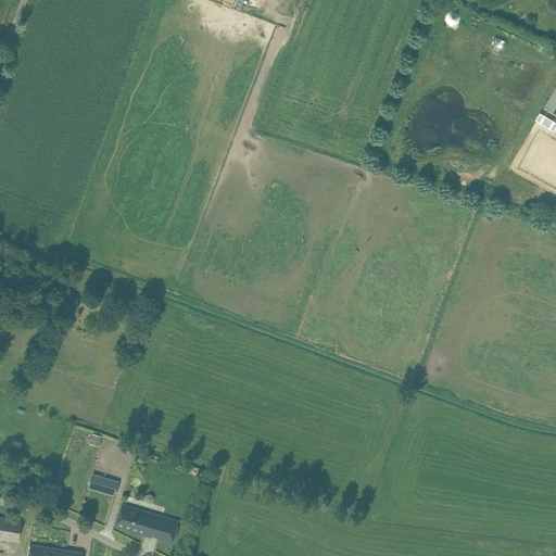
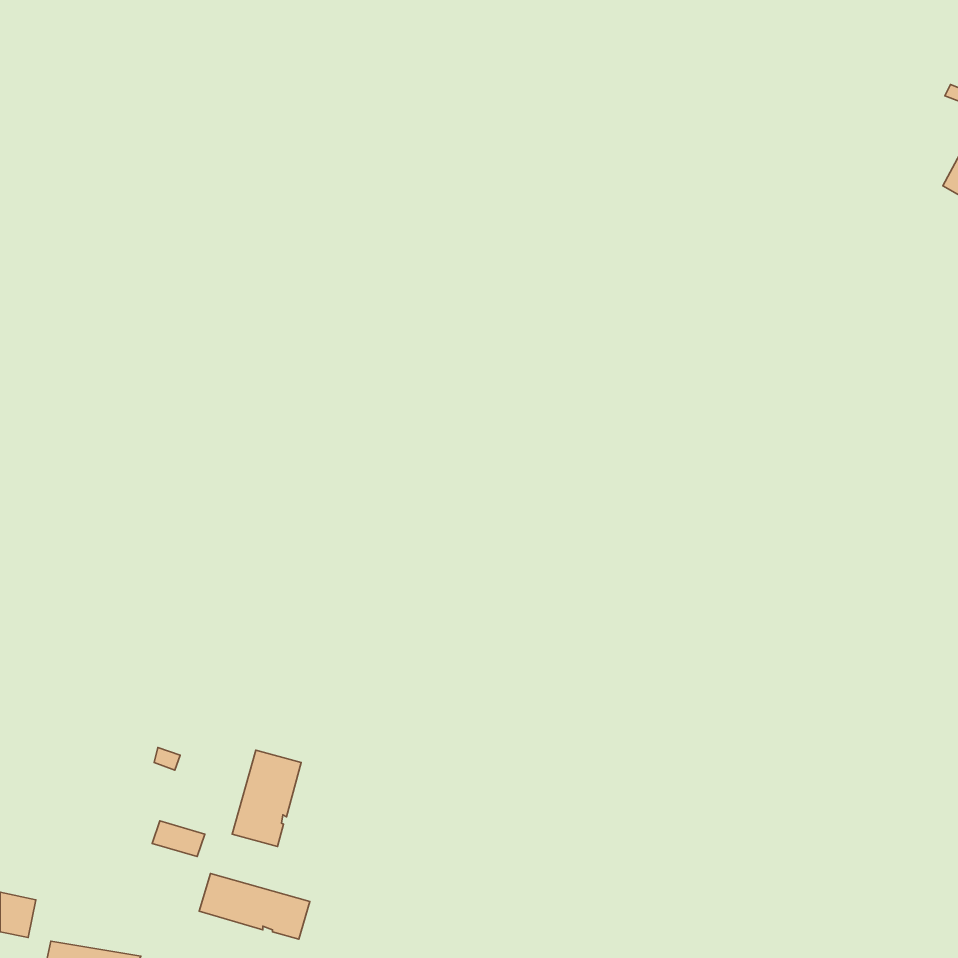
building: none -> [232,750,301,846]

